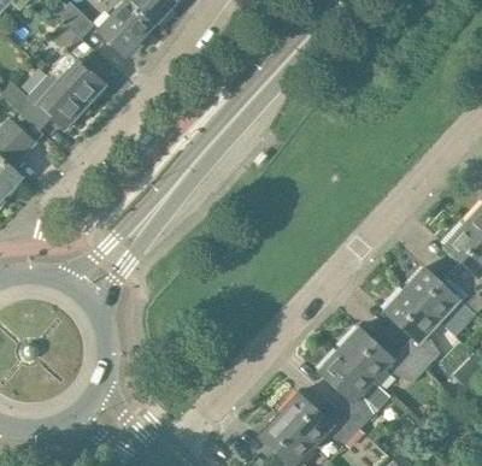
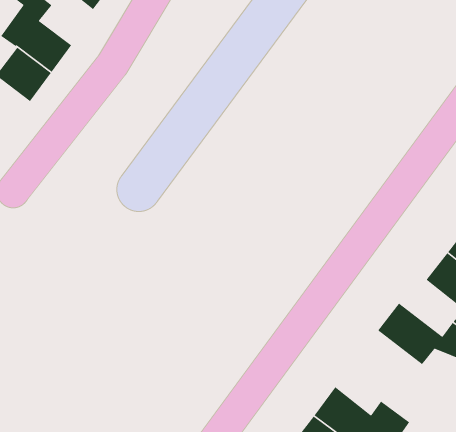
building: [319,348,390,427] -> none

